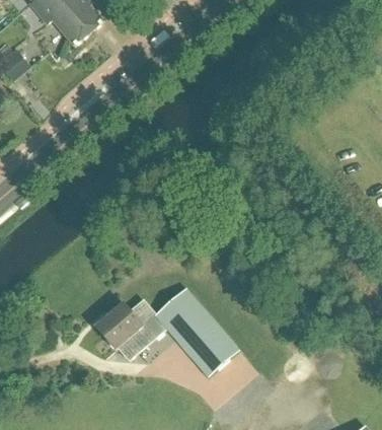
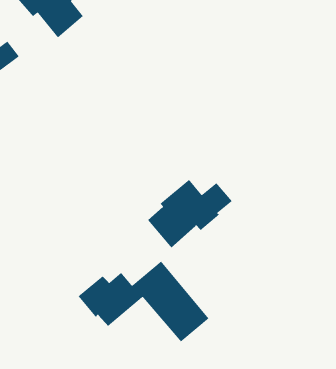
building: none -> [147,179,233,249]

